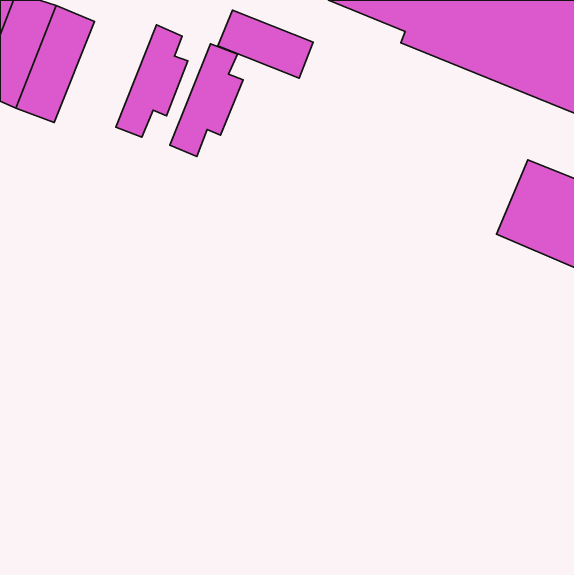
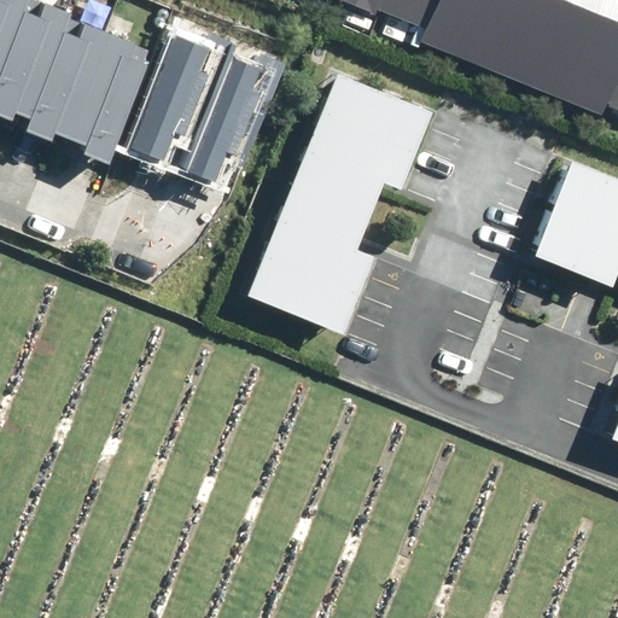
building: [218,10,313,78] -> none
building: none -> [59,23,144,148]
building: none -> [250,76,425,334]

